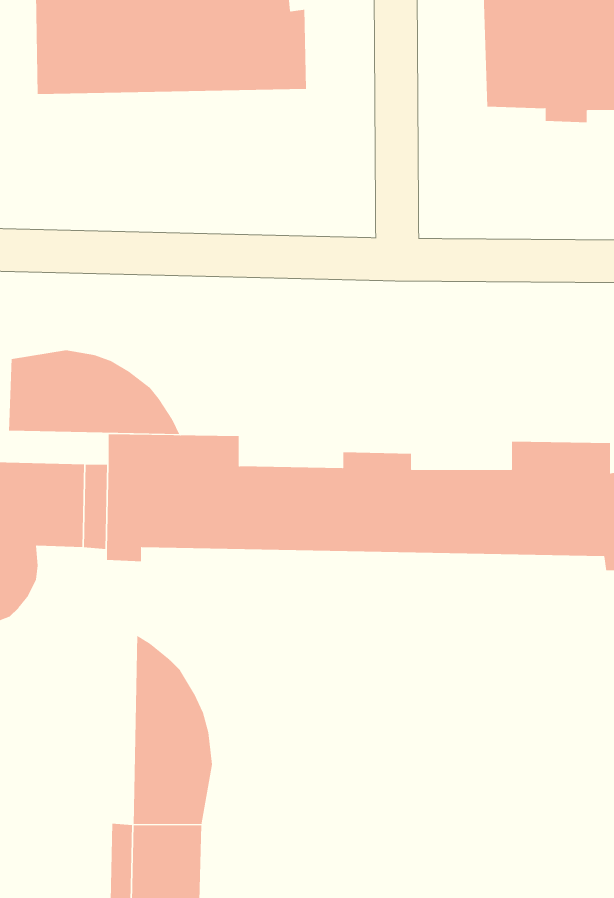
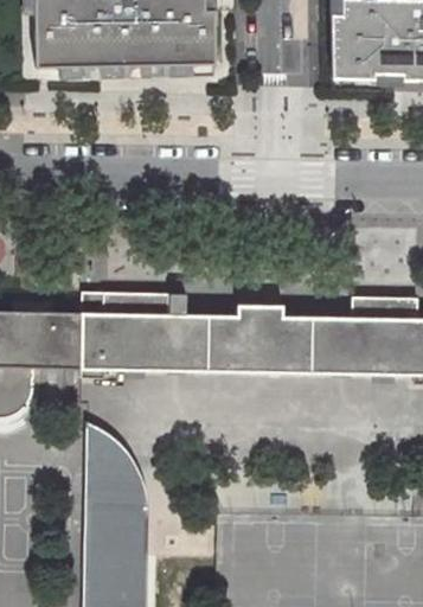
building: [8,350,180,435] -> none

